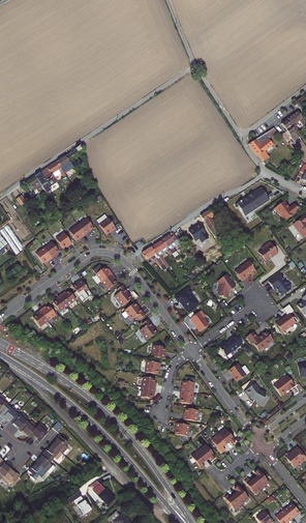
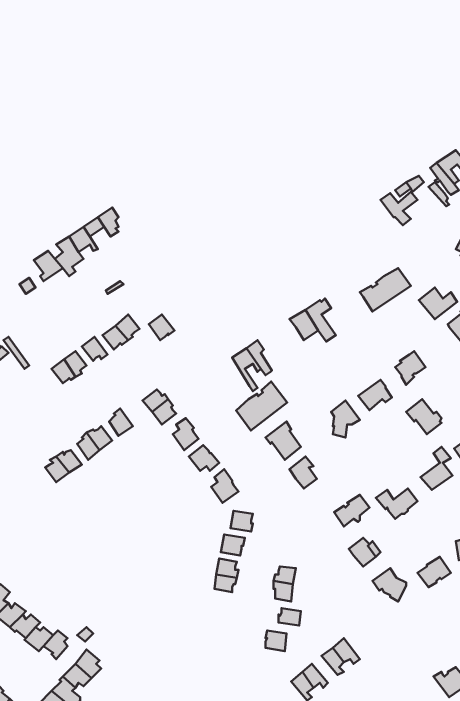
building: none -> [236,382,287,431]

